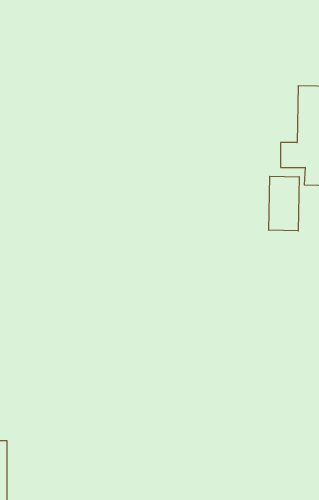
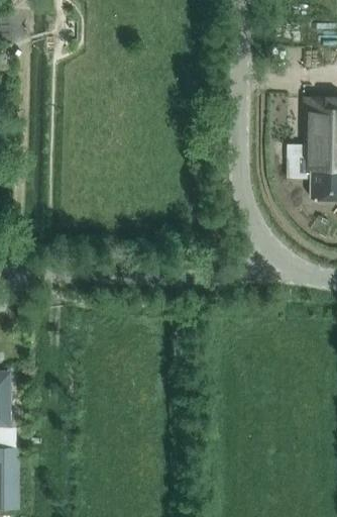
building: [269,176,299,231] -> none

